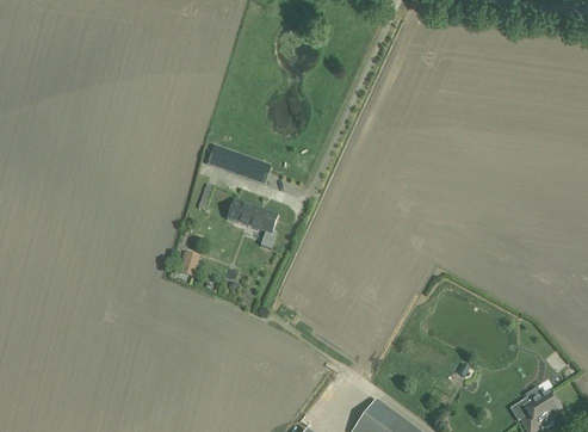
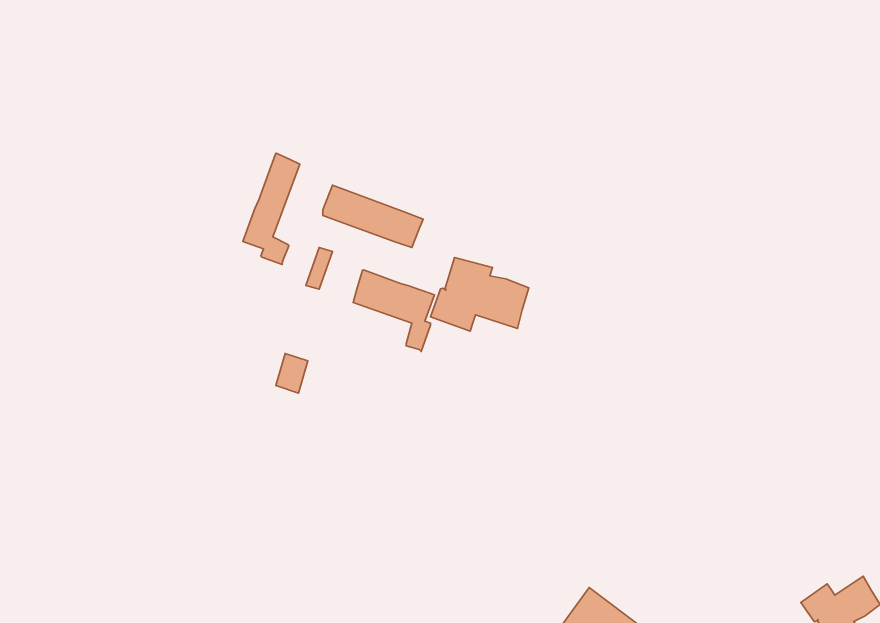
building: none -> [243,153,300,265]
building: none -> [431,258,529,331]

